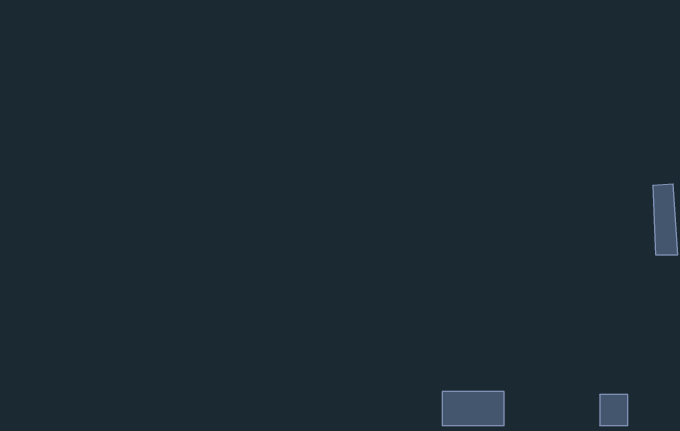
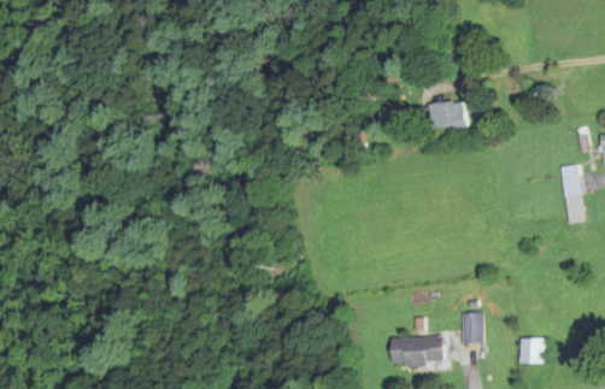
building: none -> [419,100,466,132]
building: none -> [462,311,482,342]

